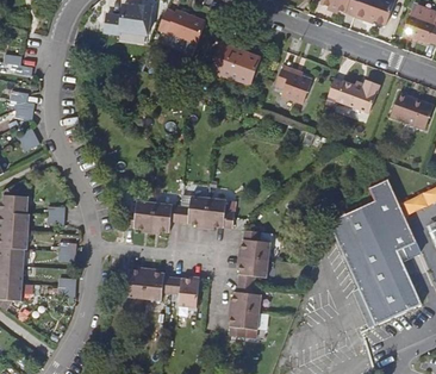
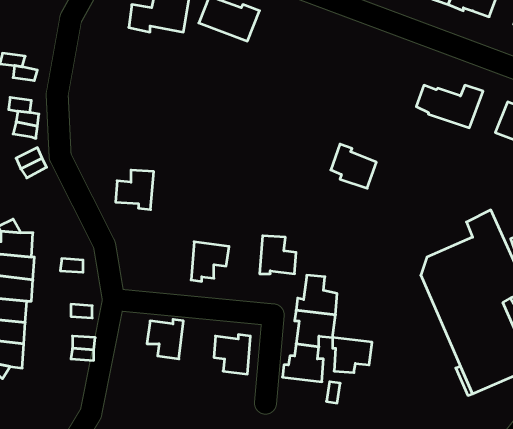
building: [212,44,261,86] -> none
building: [275,69,311,104] -> [331,144,376,188]
building: [180,195,208,227] -> none
building: [125,201,155,232] -> [116,170,154,210]
building: [143,264,172,297] -> none
building: [224,308,255,336] -> [333,338,372,373]

